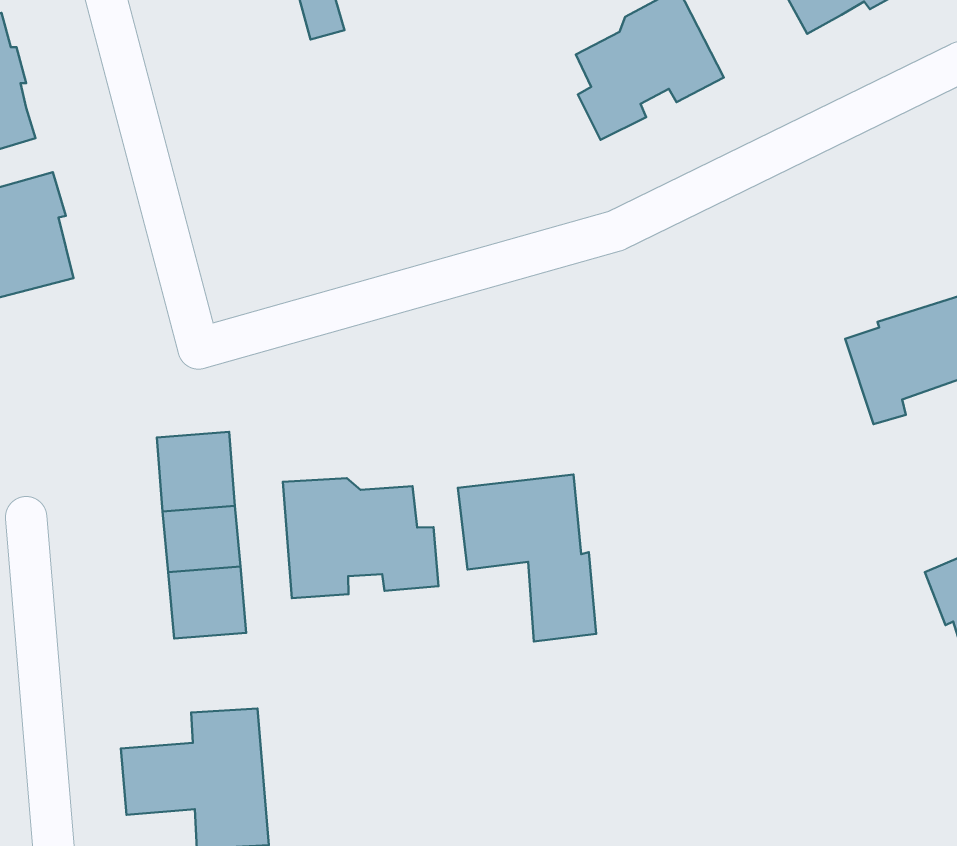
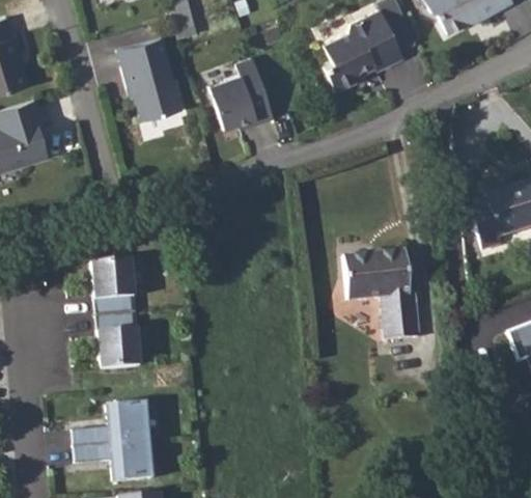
building: none -> [115,35,181,118]
building: none -> [211,54,278,128]
building: [458,475,596,641] -> [343,248,419,339]
building: [283,478,439,598] -> none

